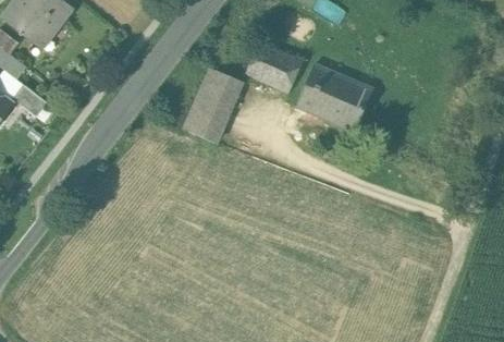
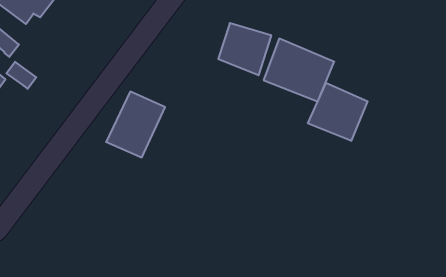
building: [180,65,246,139] -> [106,92,165,157]
building: none -> [308,83,368,141]

